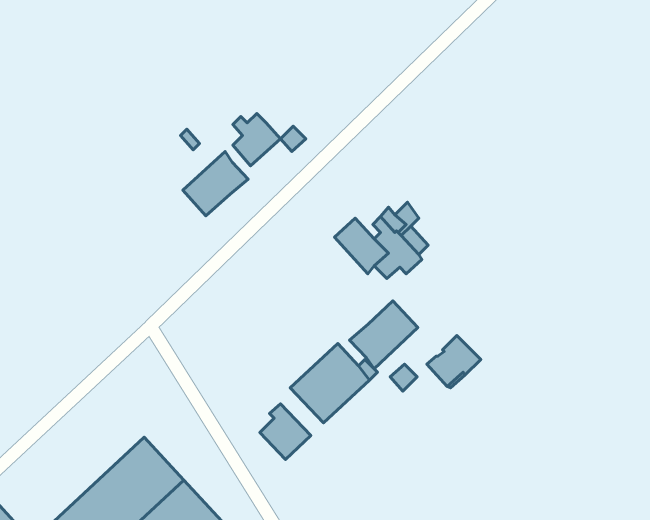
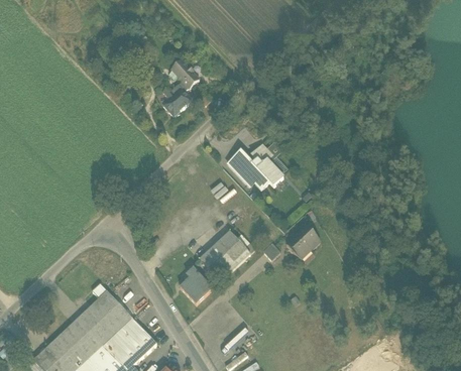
building: none -> [167,58,199,89]
building: [183,152,248,216] -> none
building: [349,301,418,369] -> none

